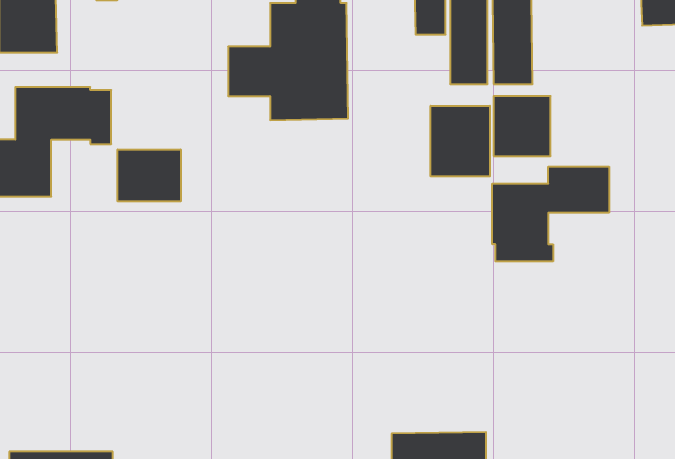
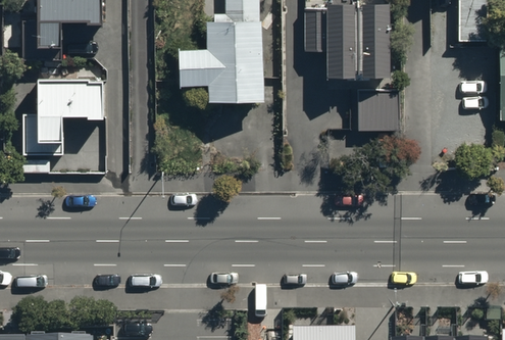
building: [431,106,490,176] -> none
building: [118,149,181,201] -> none
building: [492,167,609,261] -> none

